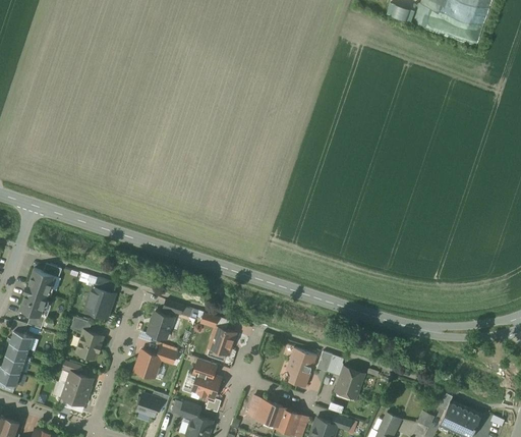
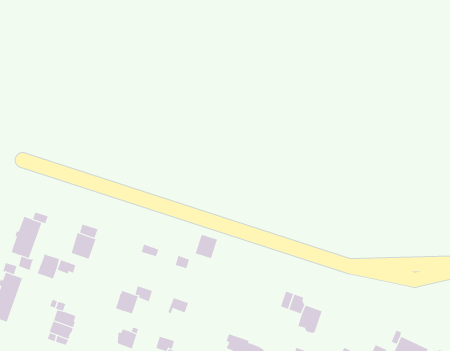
building: [149,313,173,340] -> none
building: [211,328,236,356] -> [195,234,218,259]
building: [77,331,103,360] -> [37,253,60,279]
building: [286,348,317,388] -> none
building: [194,372,220,399] -> none

